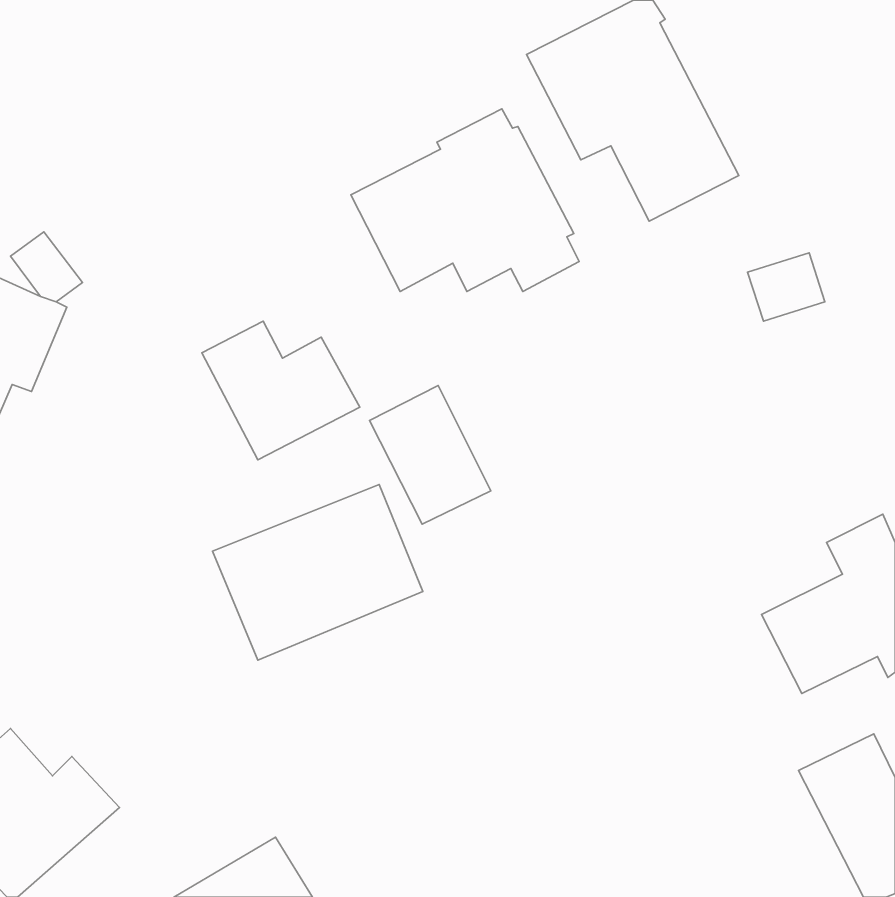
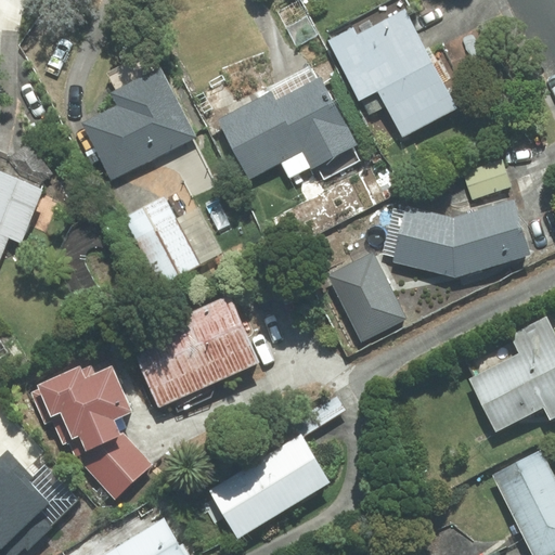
building: none -> [85,55,194,178]
building: none -> [392,201,529,276]
building: [370,386,491,524] -> [328,254,403,339]
building: none -> [38,361,155,500]
building: none -> [202,431,335,535]

